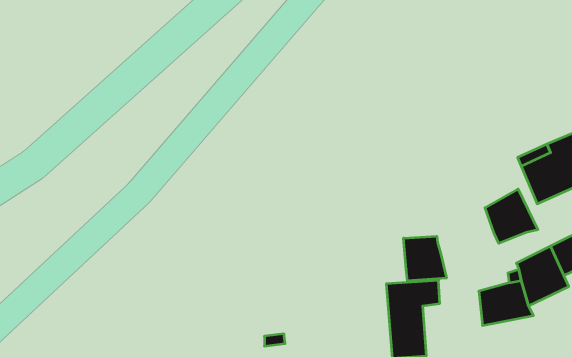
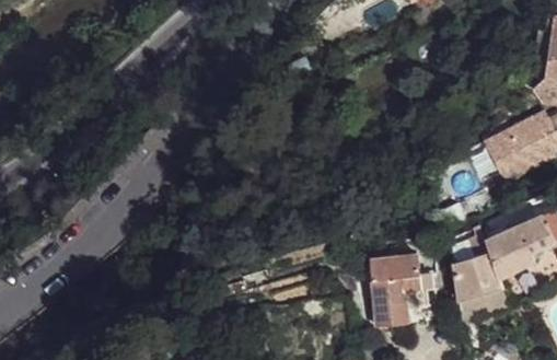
building: [485,189,538,243] -> none
building: [404,236,446,281] -> none

